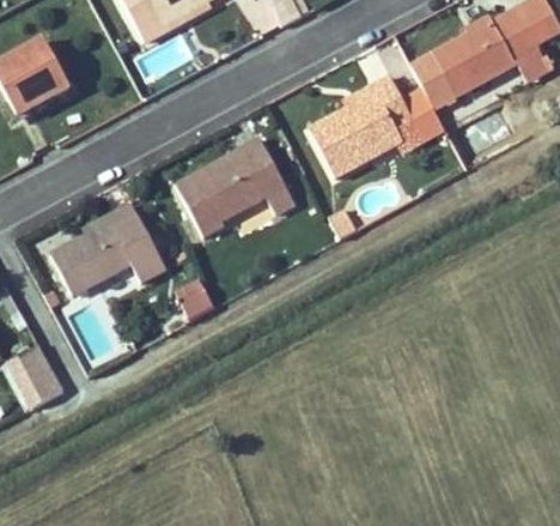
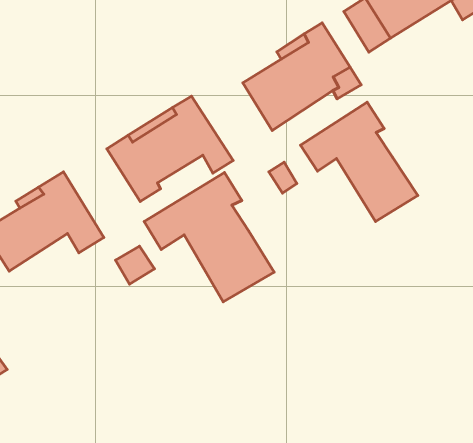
building: none -> [301,102,418,221]
building: none -> [144,172,274,302]

